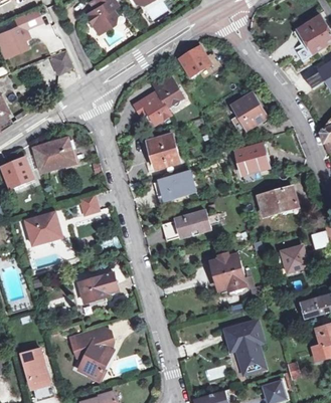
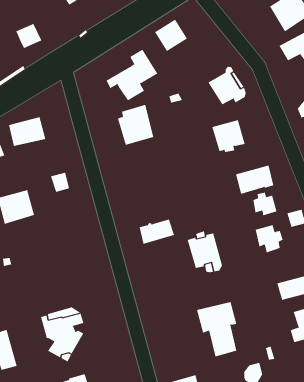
building: [161,171,196,195] -> none
building: [176,211,211,236] -> [139,219,175,244]
building: none -> [253,192,277,216]
building: [79,274,118,305] -> none

